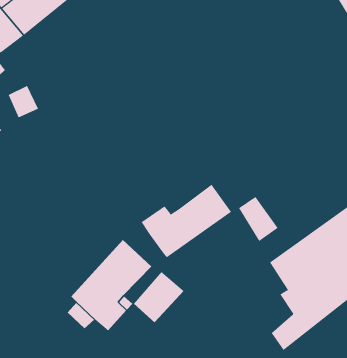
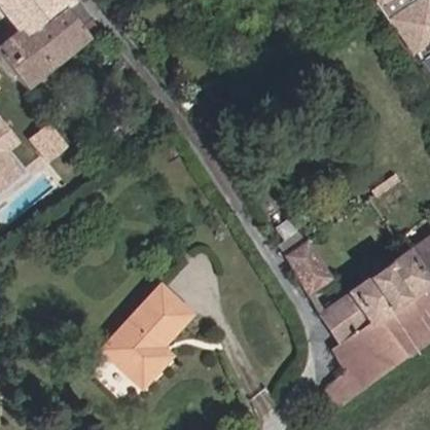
building: [141,184,232,258] -> none
building: [133,271,184,323] -> none

